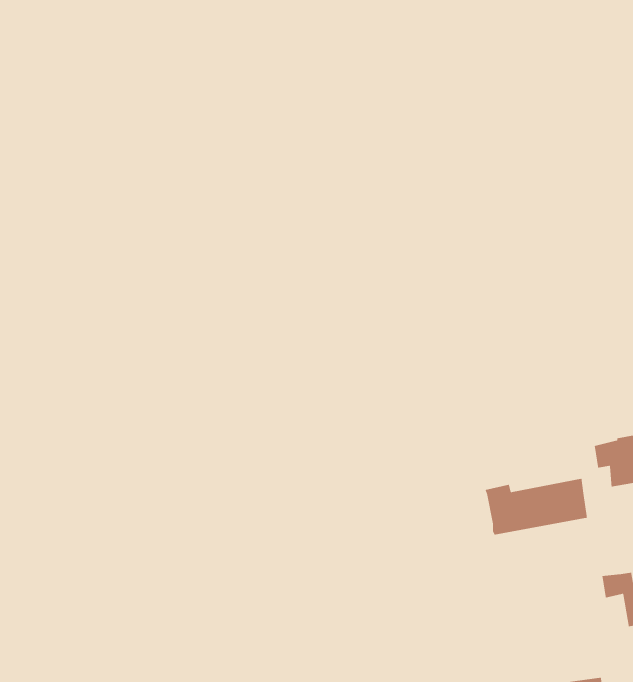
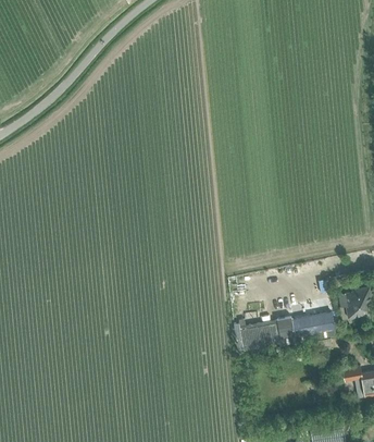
building: none -> [234,322,280,351]

